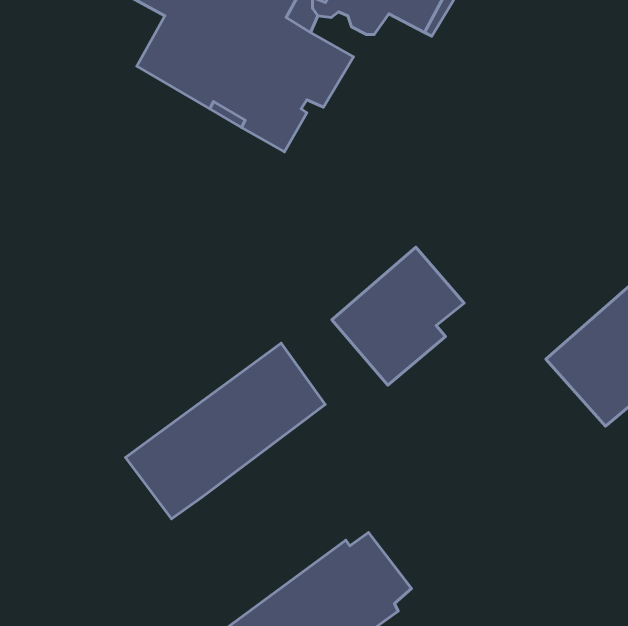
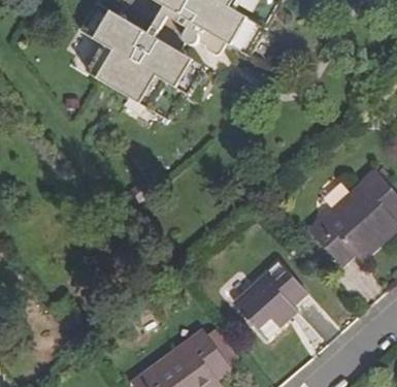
building: [332,247,464,385] -> [233,262,306,338]
building: [125,343,325,519] -> none

